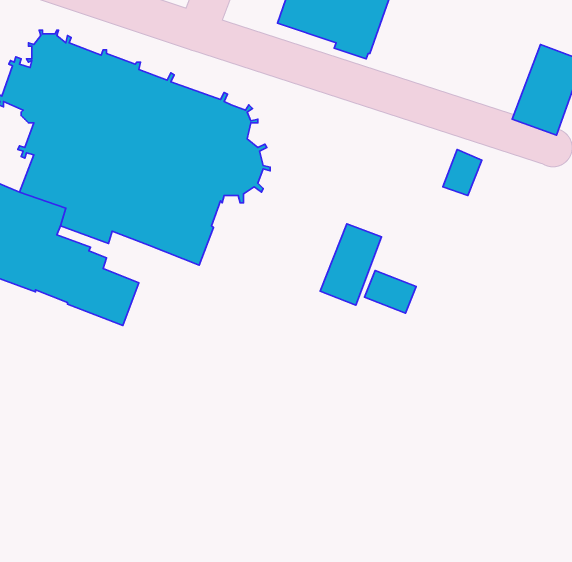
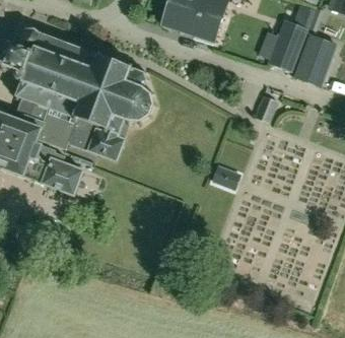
building: none -> [259,19,307,72]
building: [320,224,381,305] -> none

